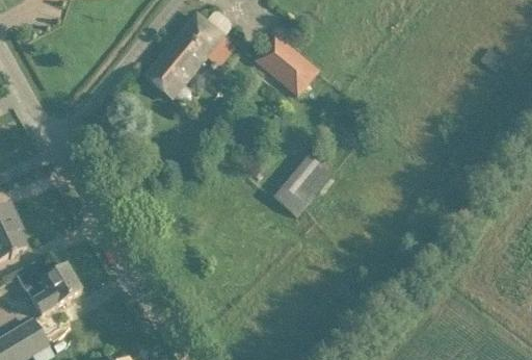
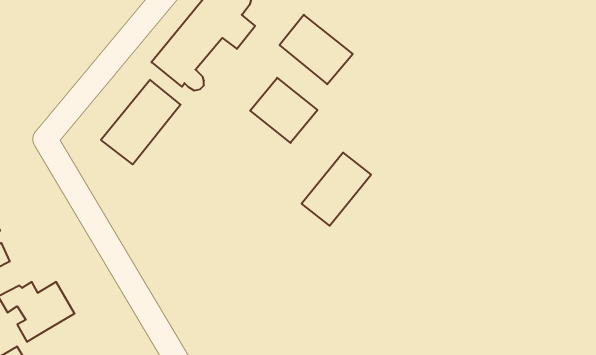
building: none -> [250,78,317,143]
building: none -> [101,80,181,164]

